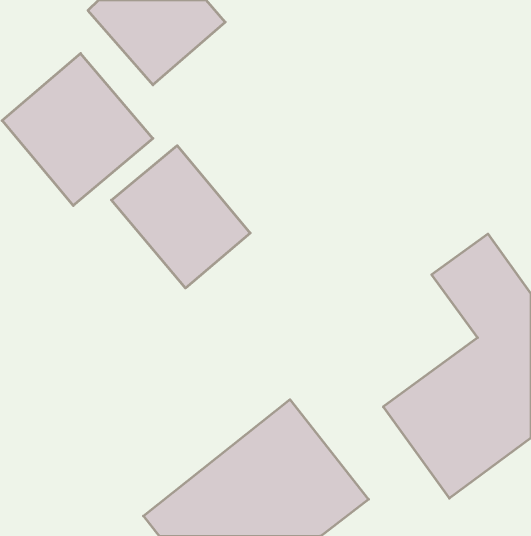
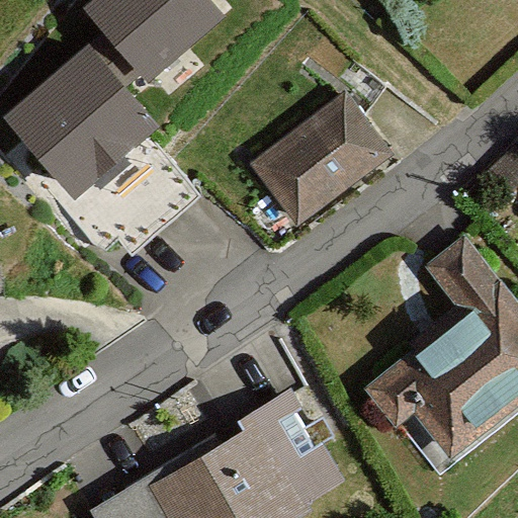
building: none -> [240,91,394,232]
building: [111,146,250,288] -> none

